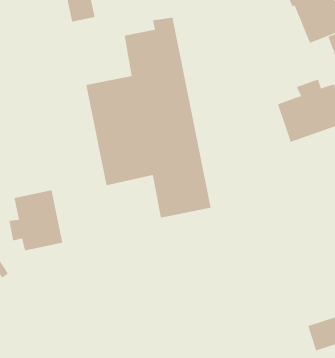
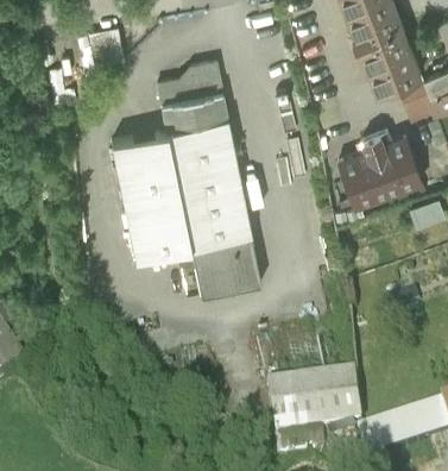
building: [9,189,63,251] -> none
building: none -> [266,372,361,435]

